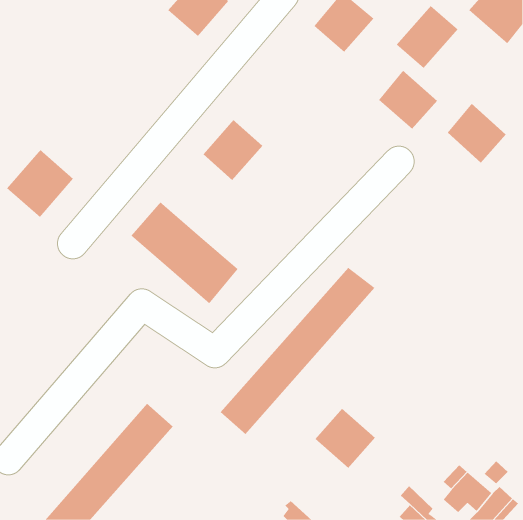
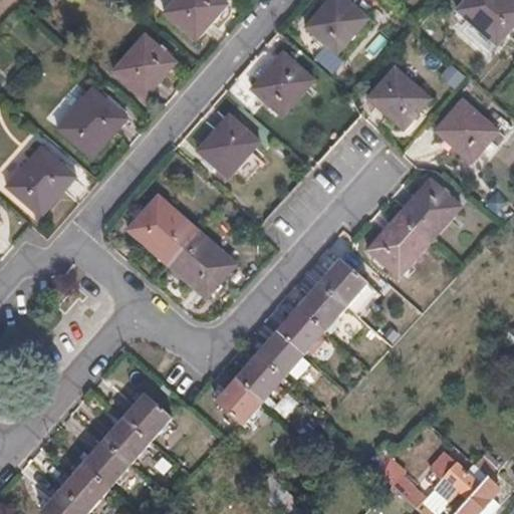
building: [396,5,458,69] -> none
building: none -> [113,33,174,94]
building: none -> [252,53,312,114]
building: none -> [58,88,123,155]
building: none -> [367,178,461,277]
building: [315,408,376,469] -> none

